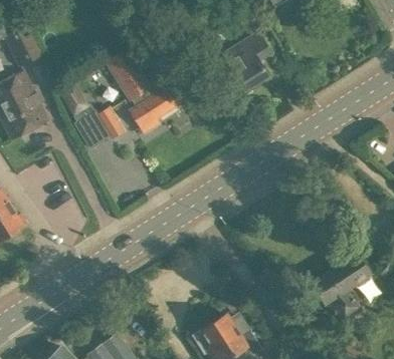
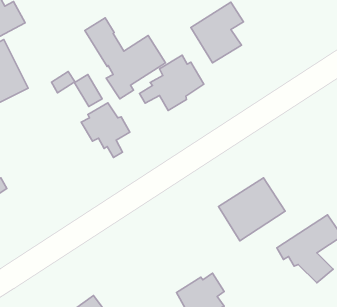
building: none -> [139,55,204,110]
building: none -> [81,103,130,157]
building: none -> [219,178,285,241]

